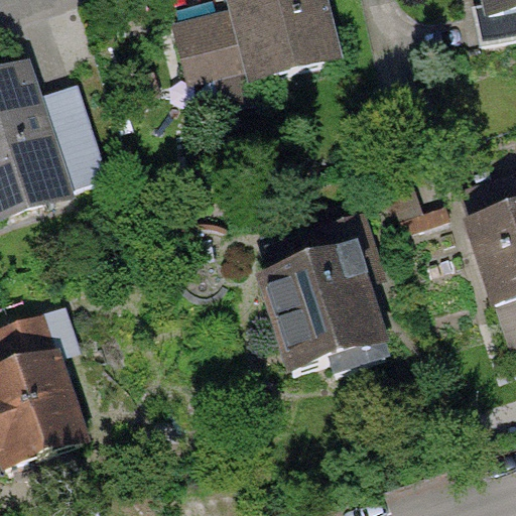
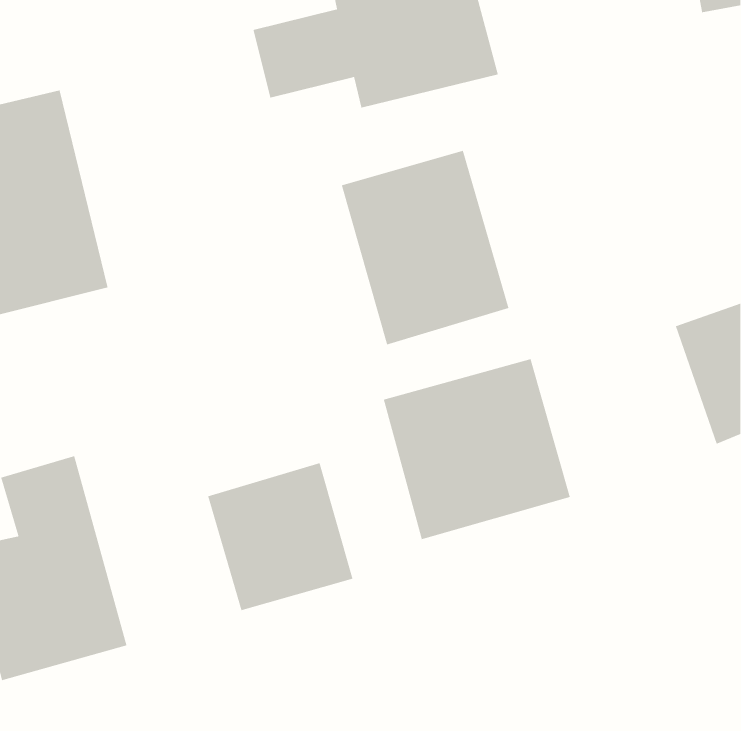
building: none -> [341,150,509,345]
building: none -> [207,462,354,611]

